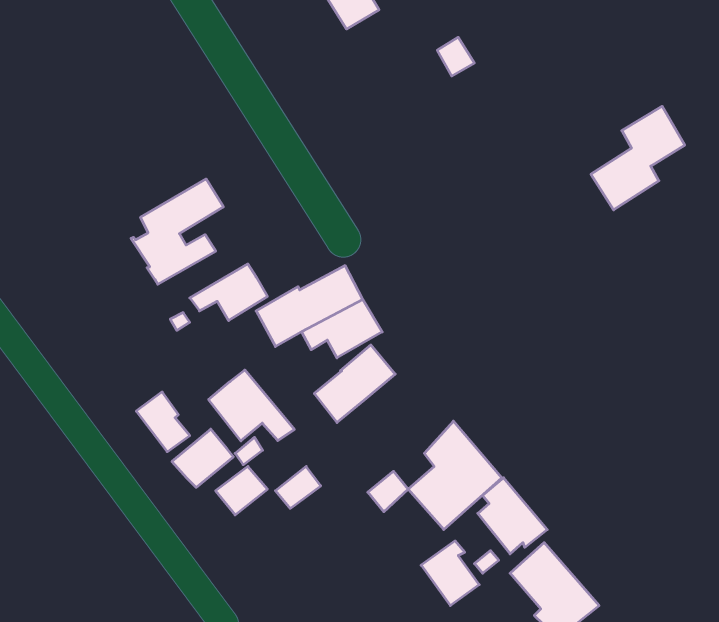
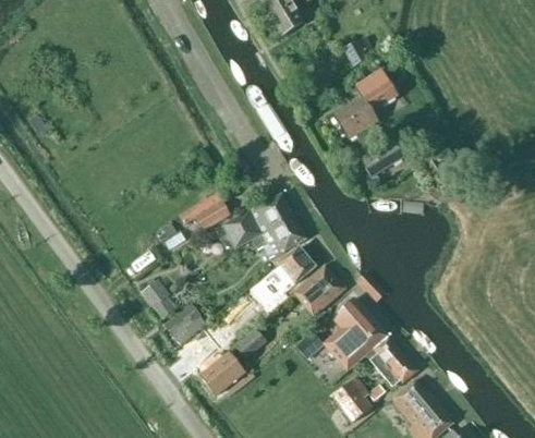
building: [591,106,685,210] -> [332,70,396,139]
building: [131,179,223,284] -> none
building: none -> [361,138,404,177]
building: [209,370,294,441] -> none
building: none -> [293,264,345,315]
building: none -> [200,351,245,394]

